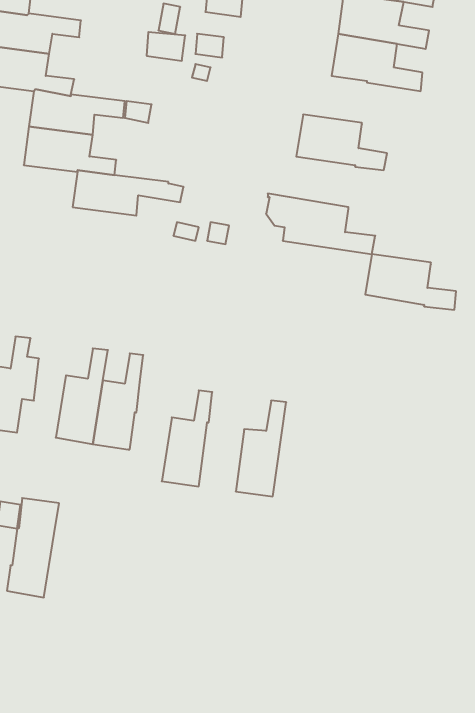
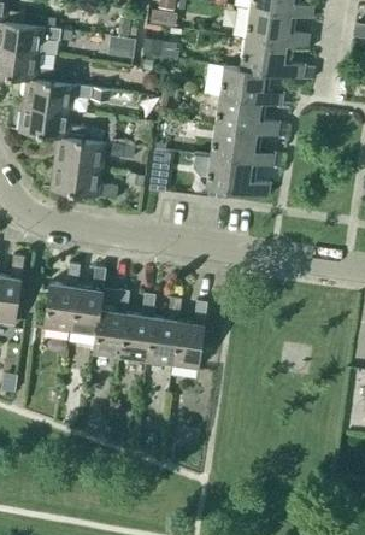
building: none -> [220,66,285,106]
building: none -> [52,163,119,199]
building: [365,254,456,310] -> [211,127,276,166]
building: none -> [146,298,182,366]
building: [7,498,59,597] -> [93,288,130,359]

